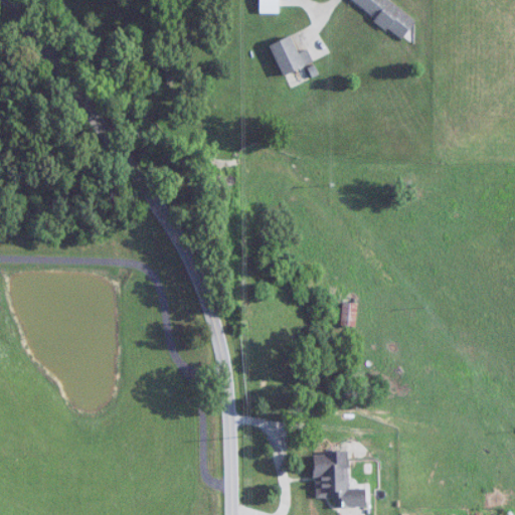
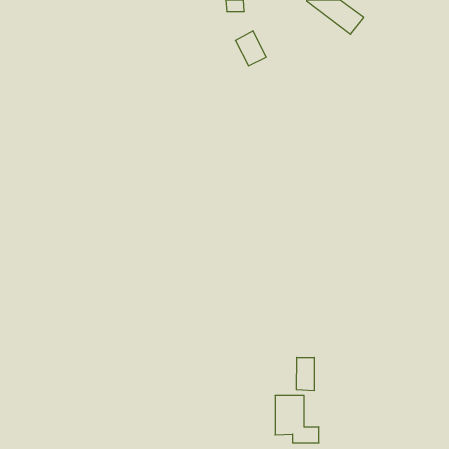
building: [341,302,358,326] -> none
building: none -> [296,357,314,391]

